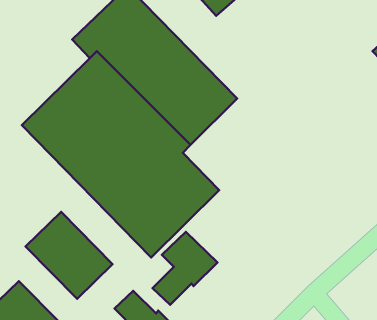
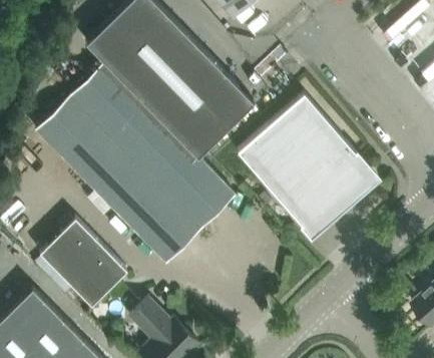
building: none -> [238,94,372,230]
building: [153,232,217,305] -> none

